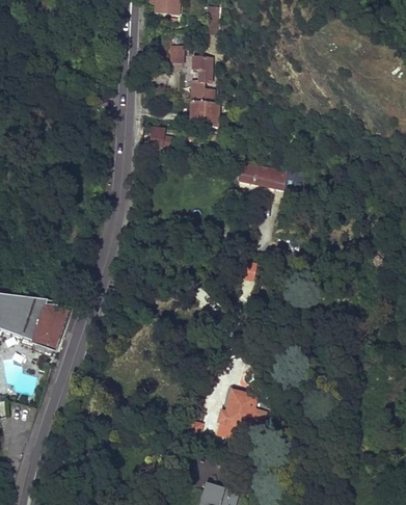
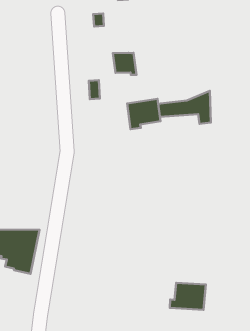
building: [190,55,212,98] -> none
building: none -> [127,99,161,129]

